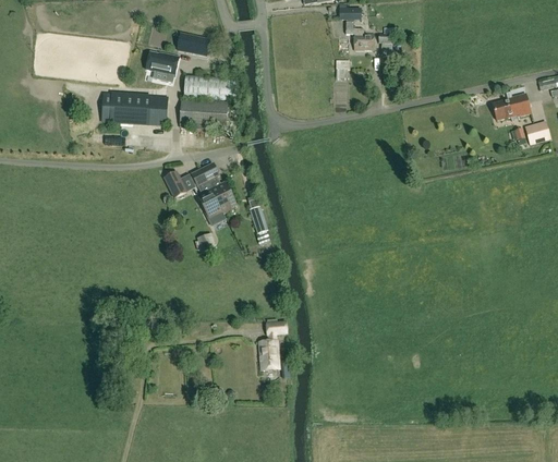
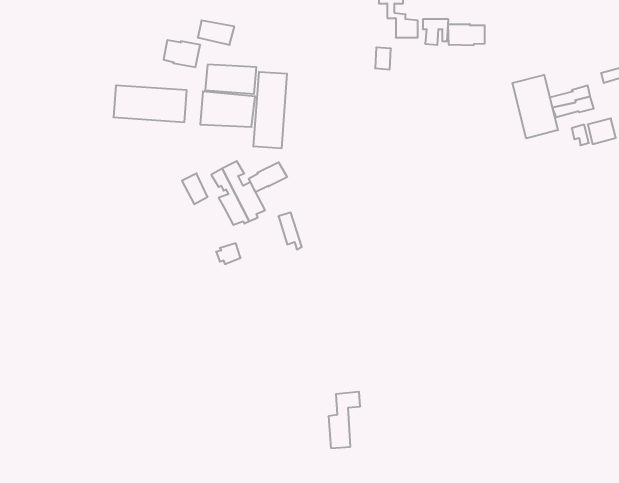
building: none -> [448,24,485,45]
building: none -> [253,72,287,148]
building: none -> [512,75,558,138]
building: none -> [249,162,287,192]
building: [259,320,288,370] -> [328,392,360,448]

